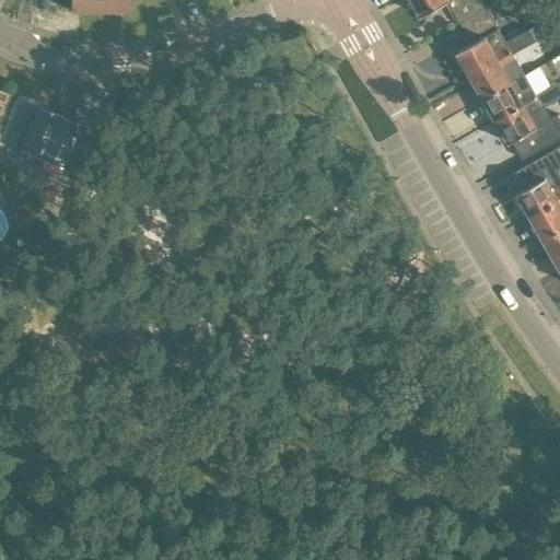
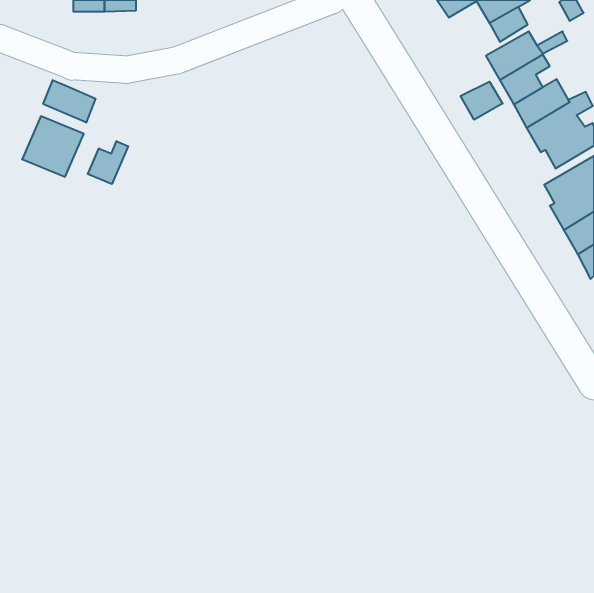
building: none -> [43,80,96,123]
building: none -> [461,82,503,120]
building: none -> [88,141,128,184]

